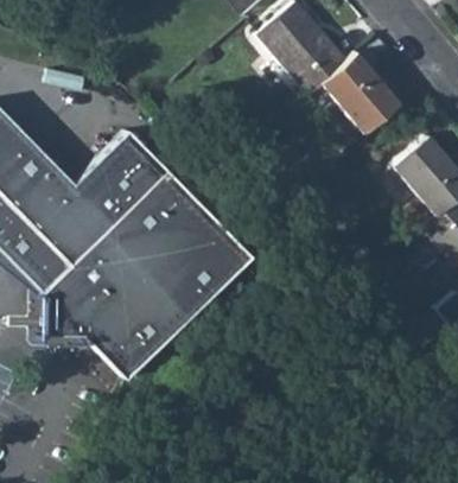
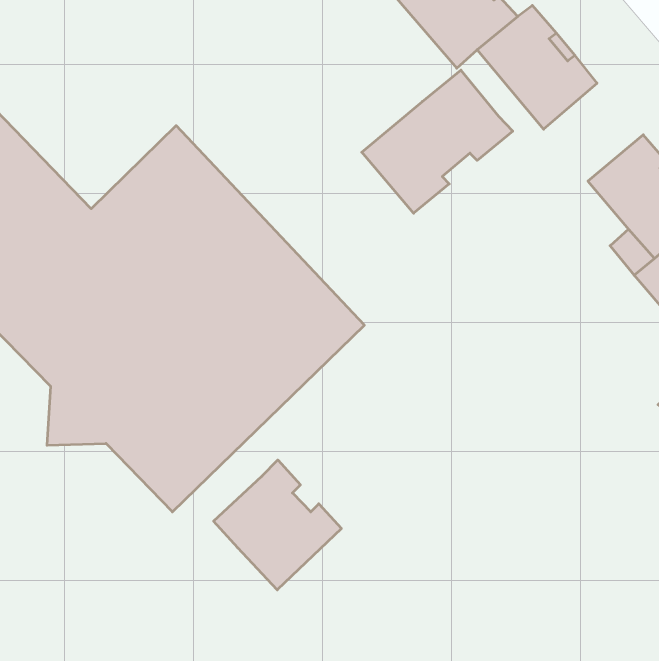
building: none -> [362,70,513,213]
building: none -> [214,460,341,590]

